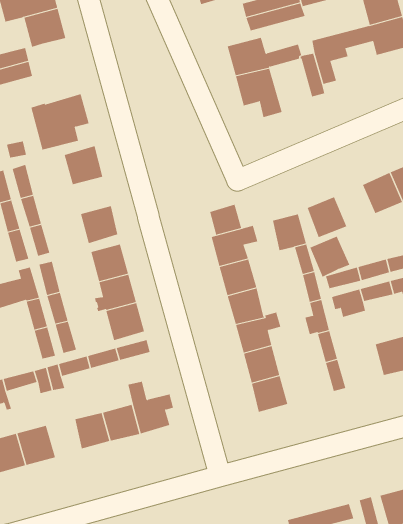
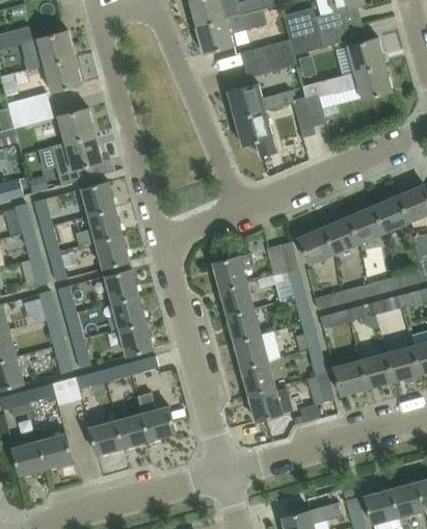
building: none -> [57,108,96,143]
building: none -> [76,209,123,246]
building: [209,204,242,235] -> none
building: [310,236,350,278] -> [323,216,359,254]
building: none -> [332,360,367,395]

